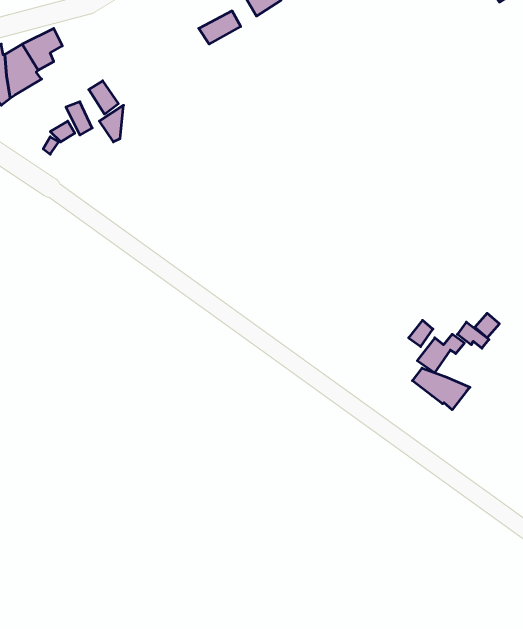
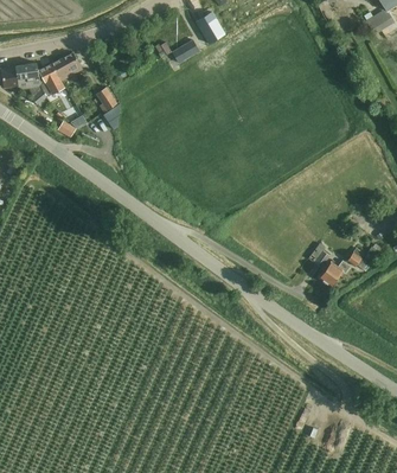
building: [412,368,470,410] -> none

